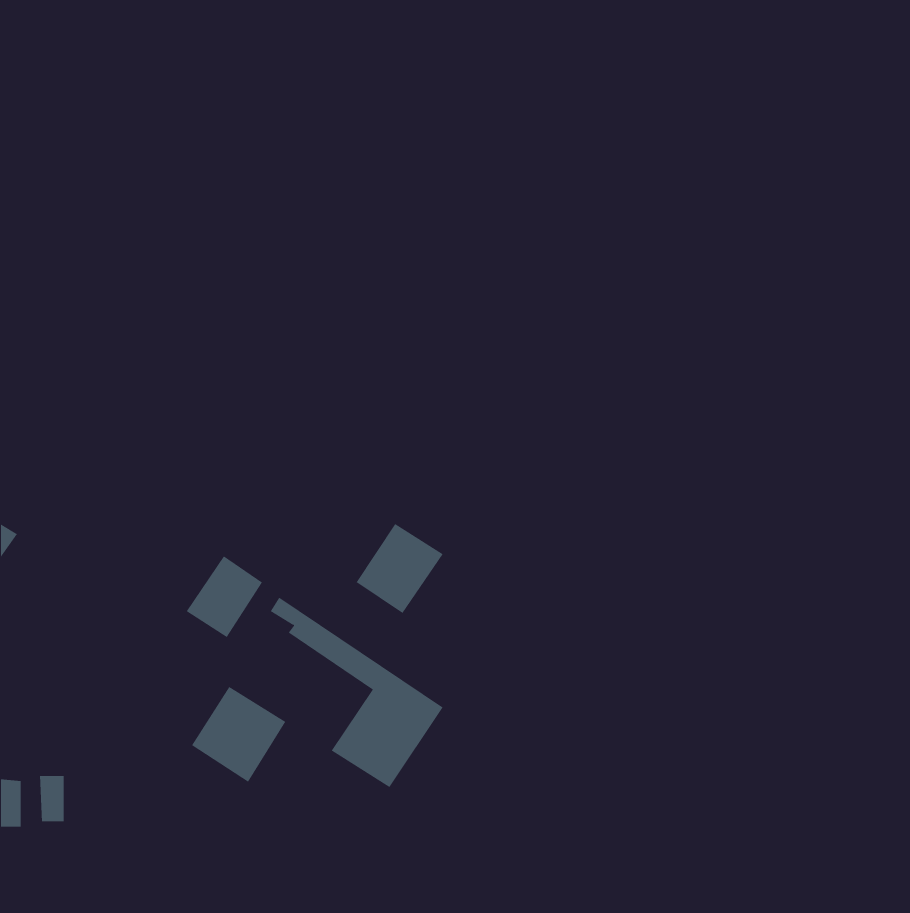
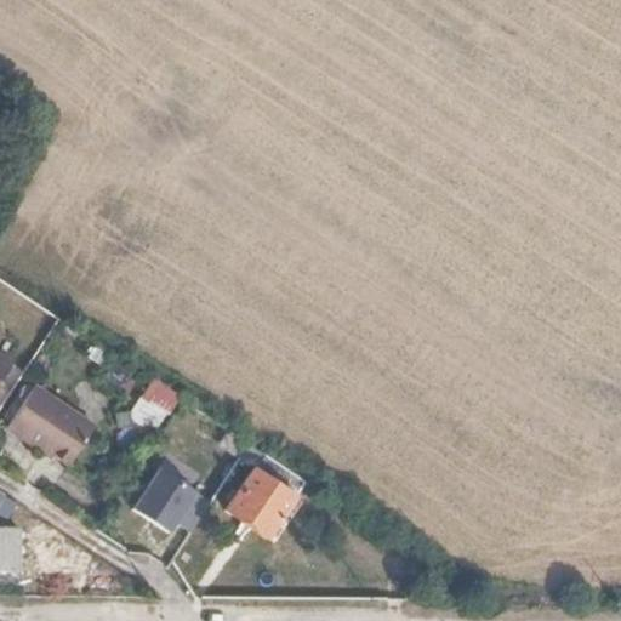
building: [356,523,443,614] -> none
building: none -> [7,386,96,466]

